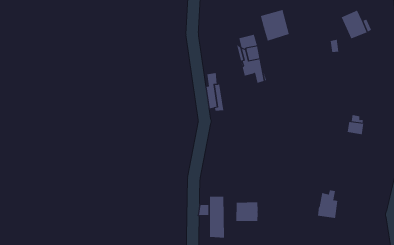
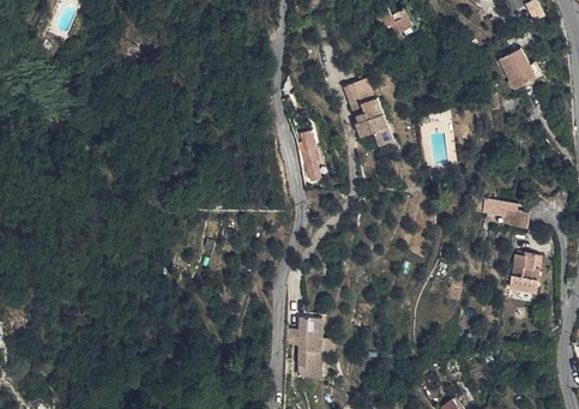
building: [260,9,289,41] -> none
building: [317,190,338,218] -> [506,251,536,291]
building: [236,202,258,222] -> none

